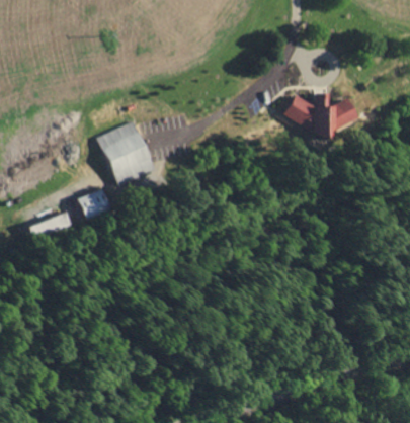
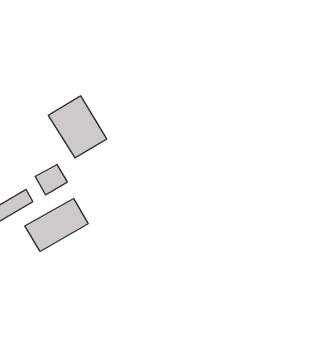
building: [282,94,356,138] -> none
building: none -> [25,198,88,251]

